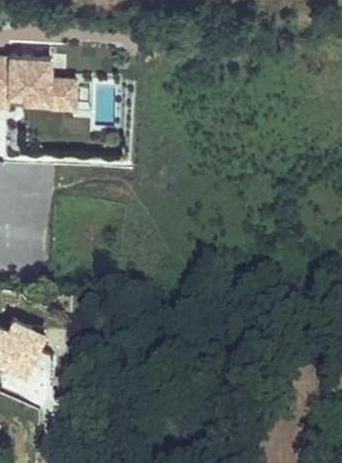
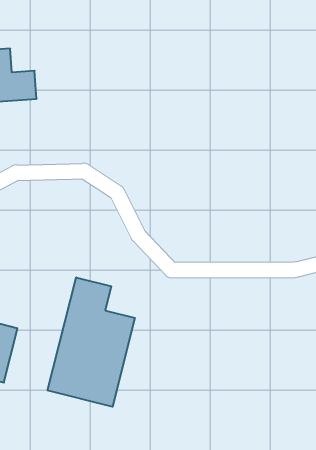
building: none -> [48,277,135,407]

